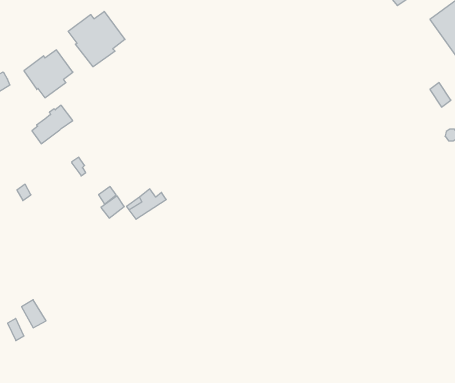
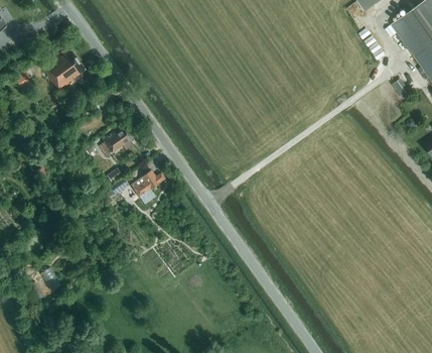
building: [68,11,125,67] -> none
building: [32,105,73,144] -> [99,124,134,157]

